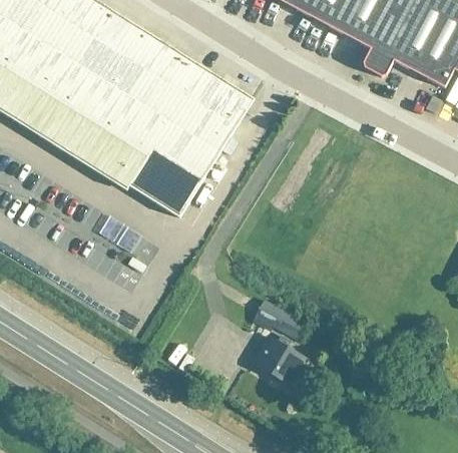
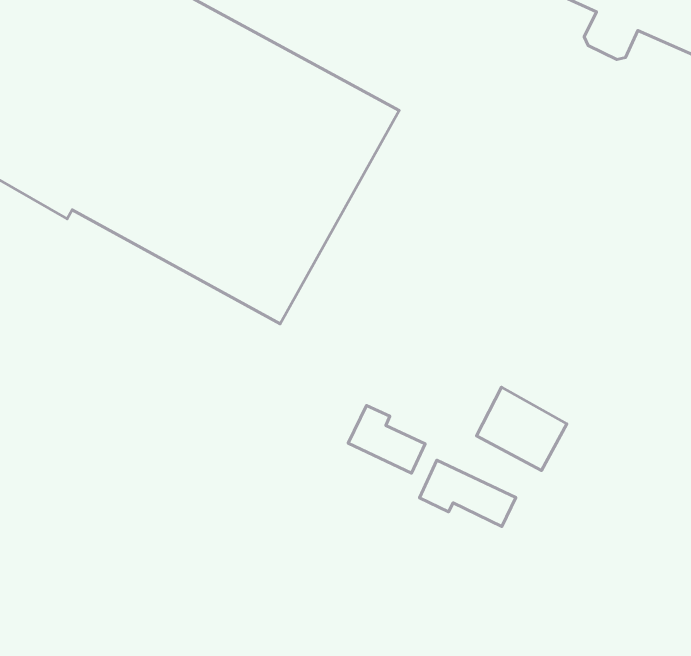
building: none -> [348,406,425,473]
building: [254,336,306,385] -> [476,387,567,471]

